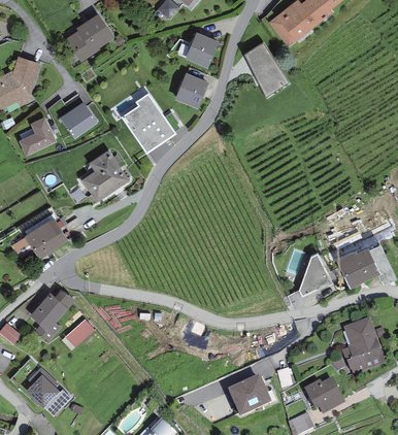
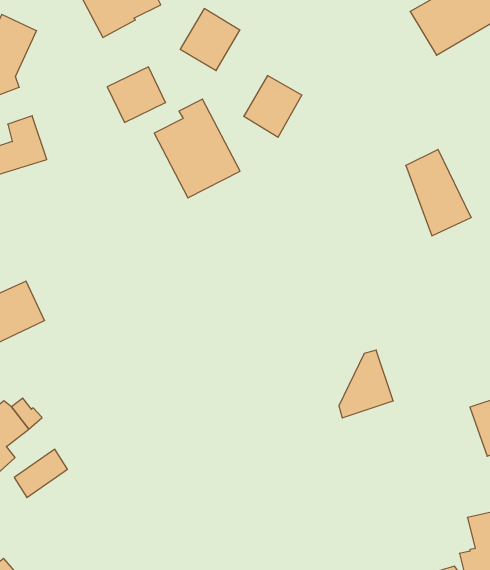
building: [185,30,220,67] -> [180,9,240,71]
building: [244,41,289,95] -> [406,149,471,236]
building: [60,101,97,137] -> [107,67,166,122]
building: [81,148,129,201] -> none
building: [299,252,332,296] -> [339,350,393,418]

